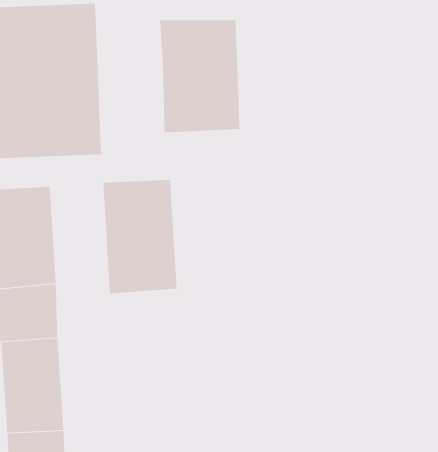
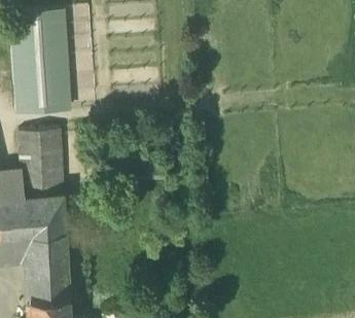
building: [160,19,240,133] -> none
building: [103,179,177,294] -> none

